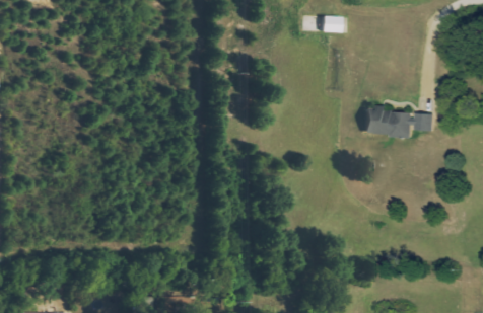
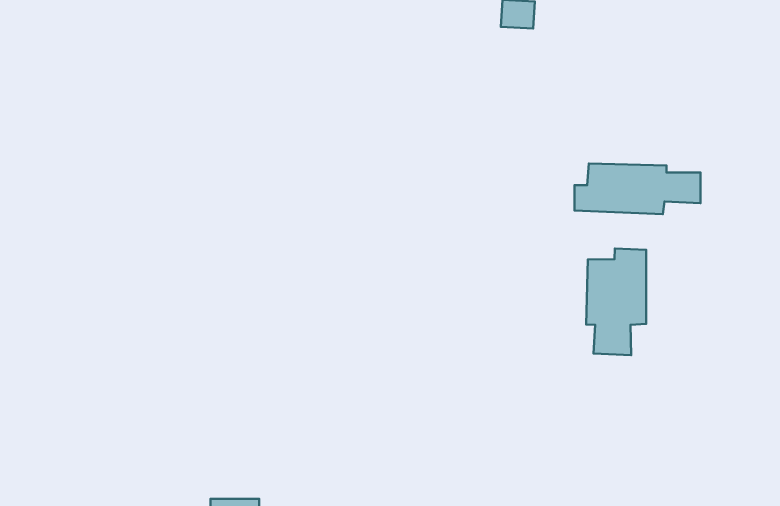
building: none -> [586,249,646,355]

